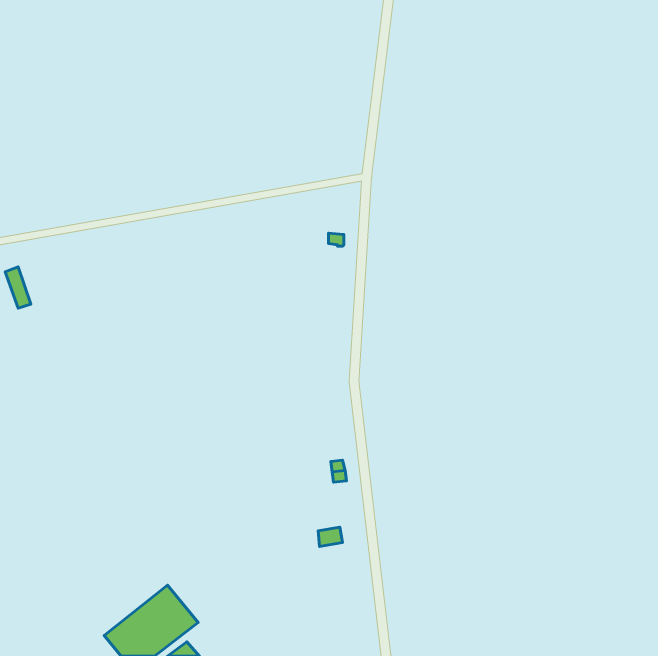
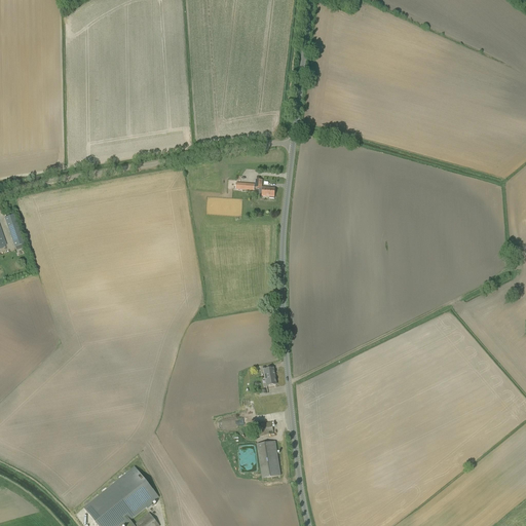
building: none -> [256,440,280,477]

